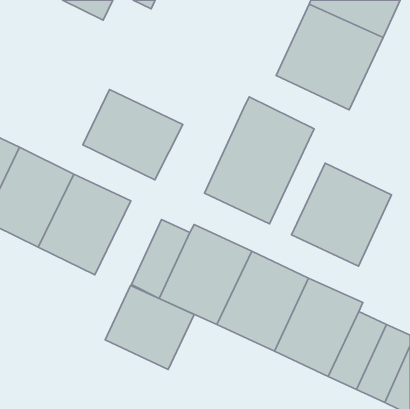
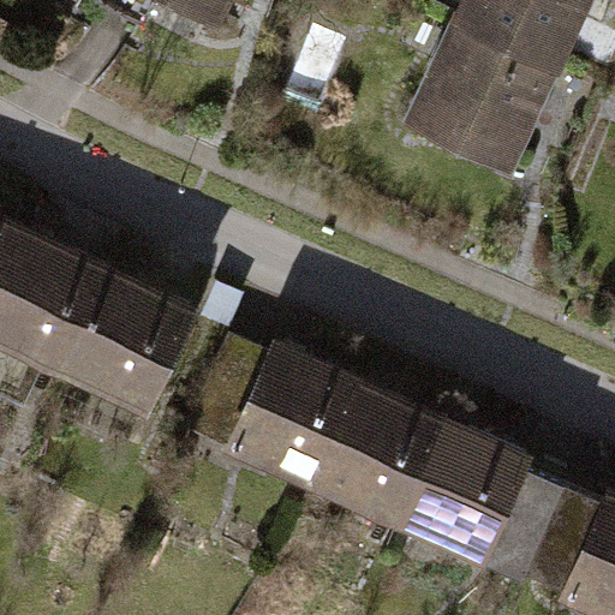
building: [83,89,183,180] -> none
building: [205,97,314,224] -> none
building: [292,163,391,266] -> none
building: [105,285,194,369] -> none

